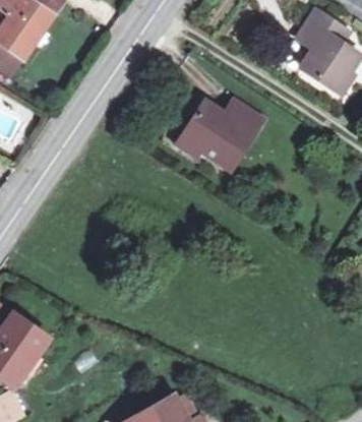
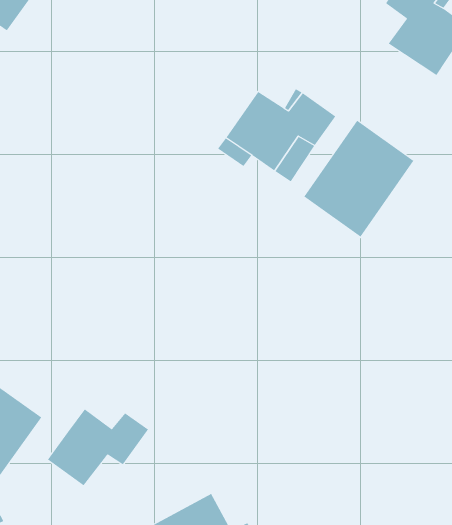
building: none -> [304,120,414,238]
building: none -> [47,408,149,486]

